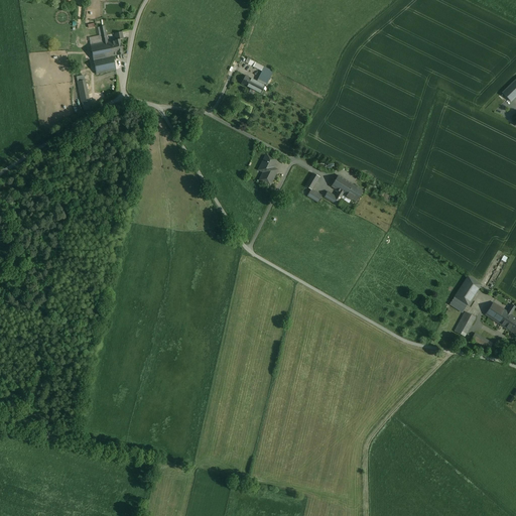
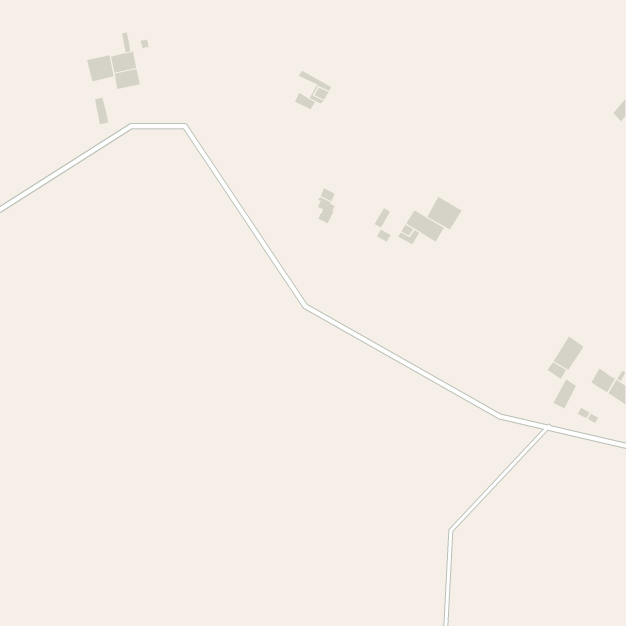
building: none -> [87,55,114,82]
building: none -> [427,196,462,230]

